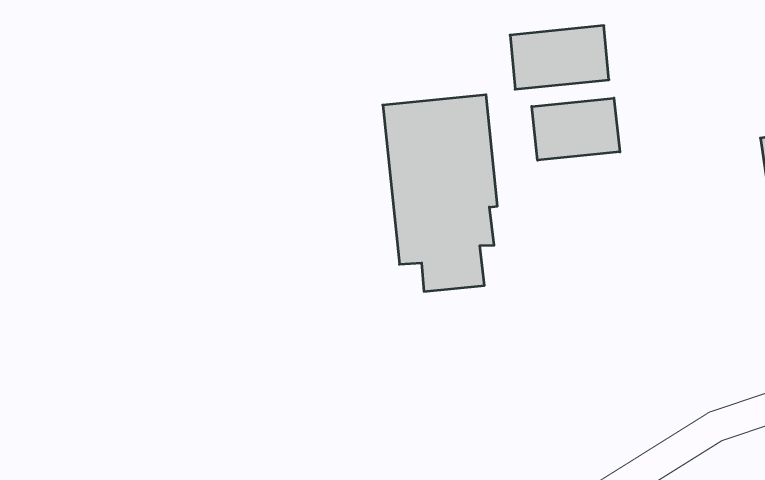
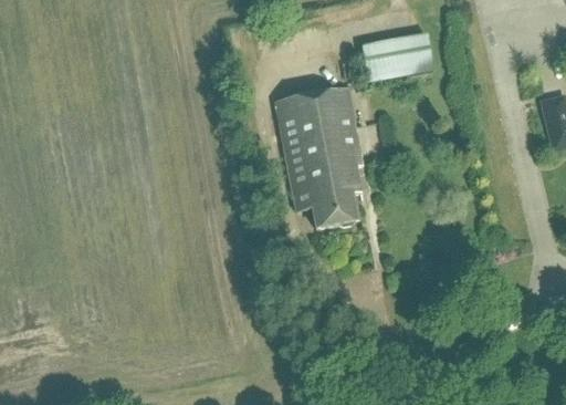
building: [532,98,620,160] -> none

